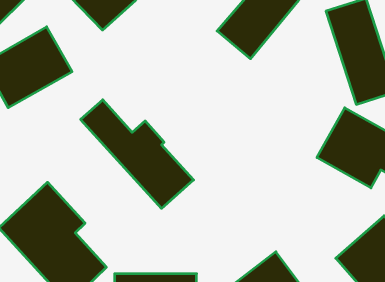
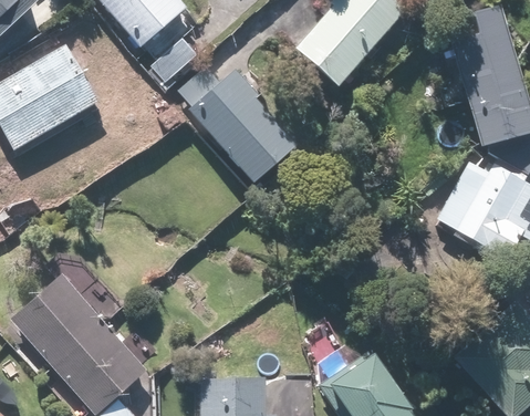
building: [81,100,194,208] -> [148,39,301,186]

